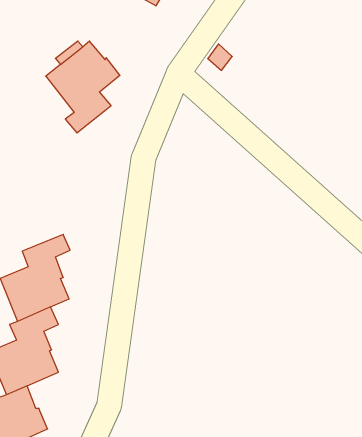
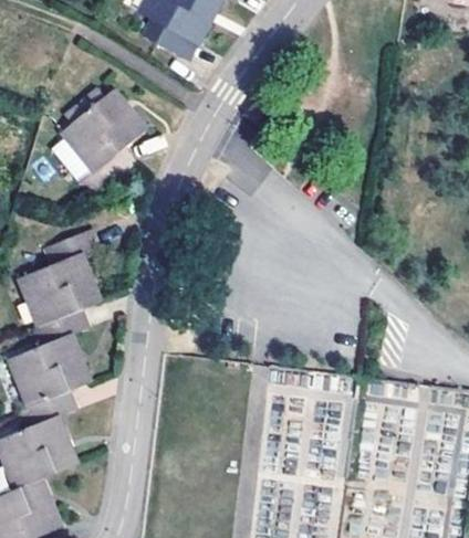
building: none -> [20,228,98,325]

